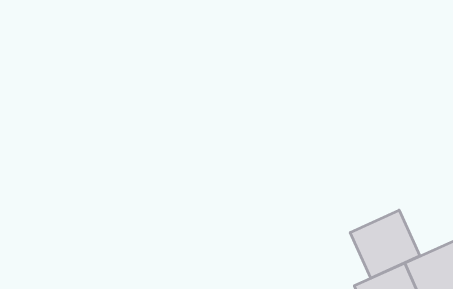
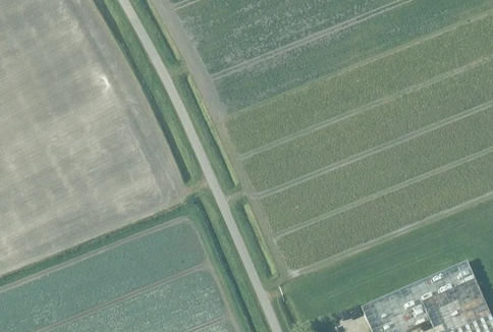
building: [350,210,420,278] -> none

